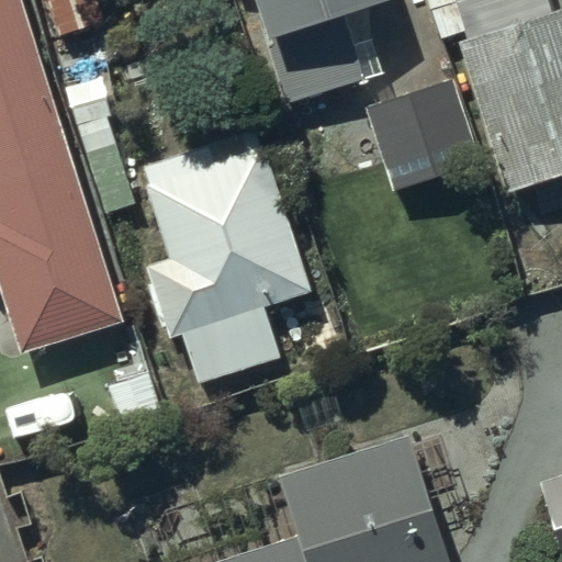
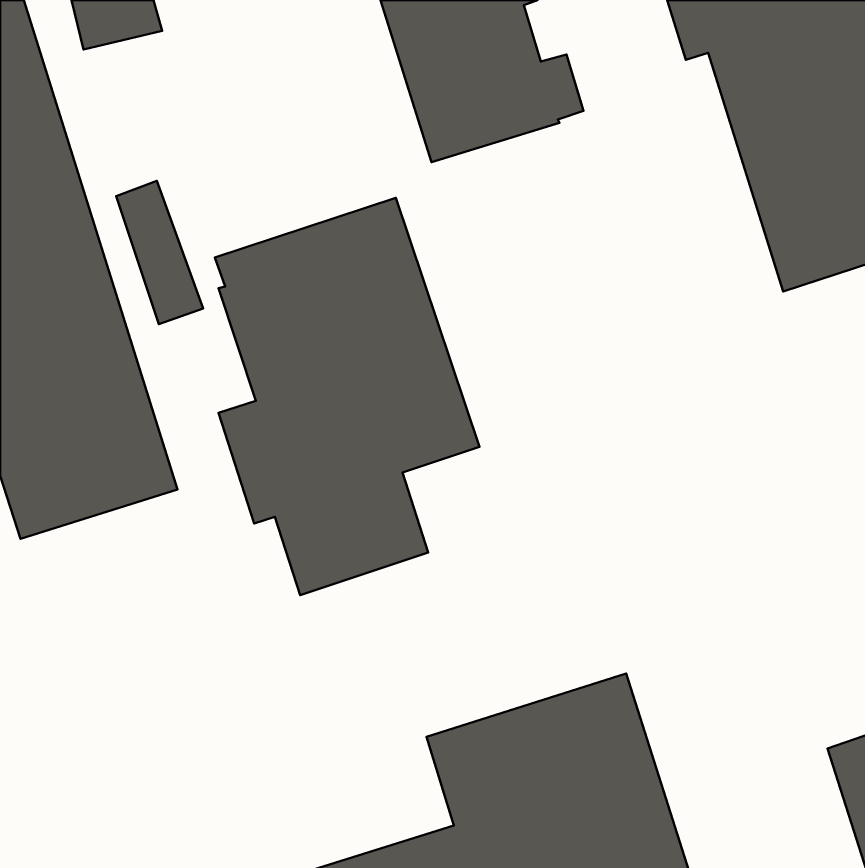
building: [366,80,477,188] -> none

